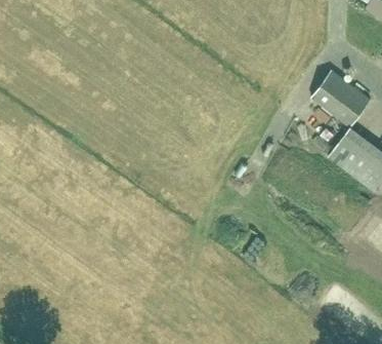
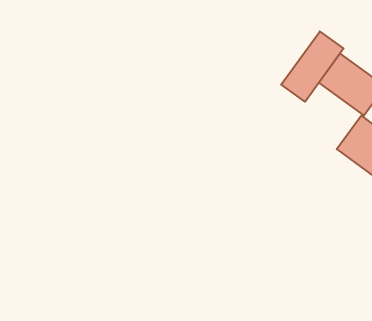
building: none -> [281,31,344,102]

